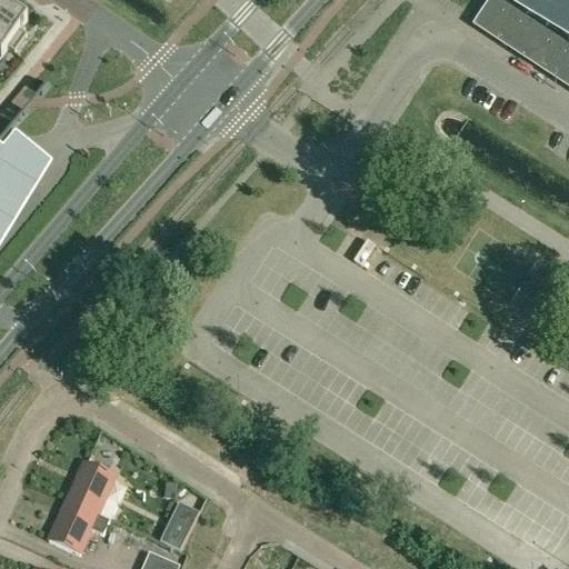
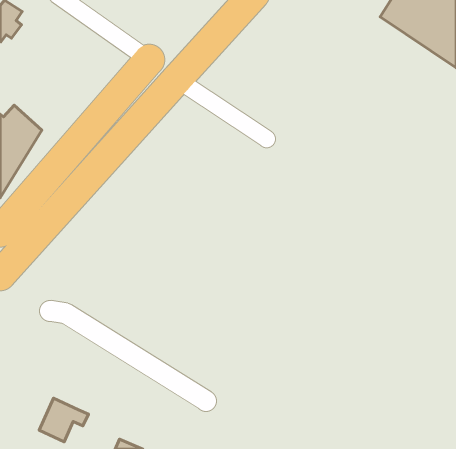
building: [67,458,118,517] -> none
building: [159,499,199,547] -> none

